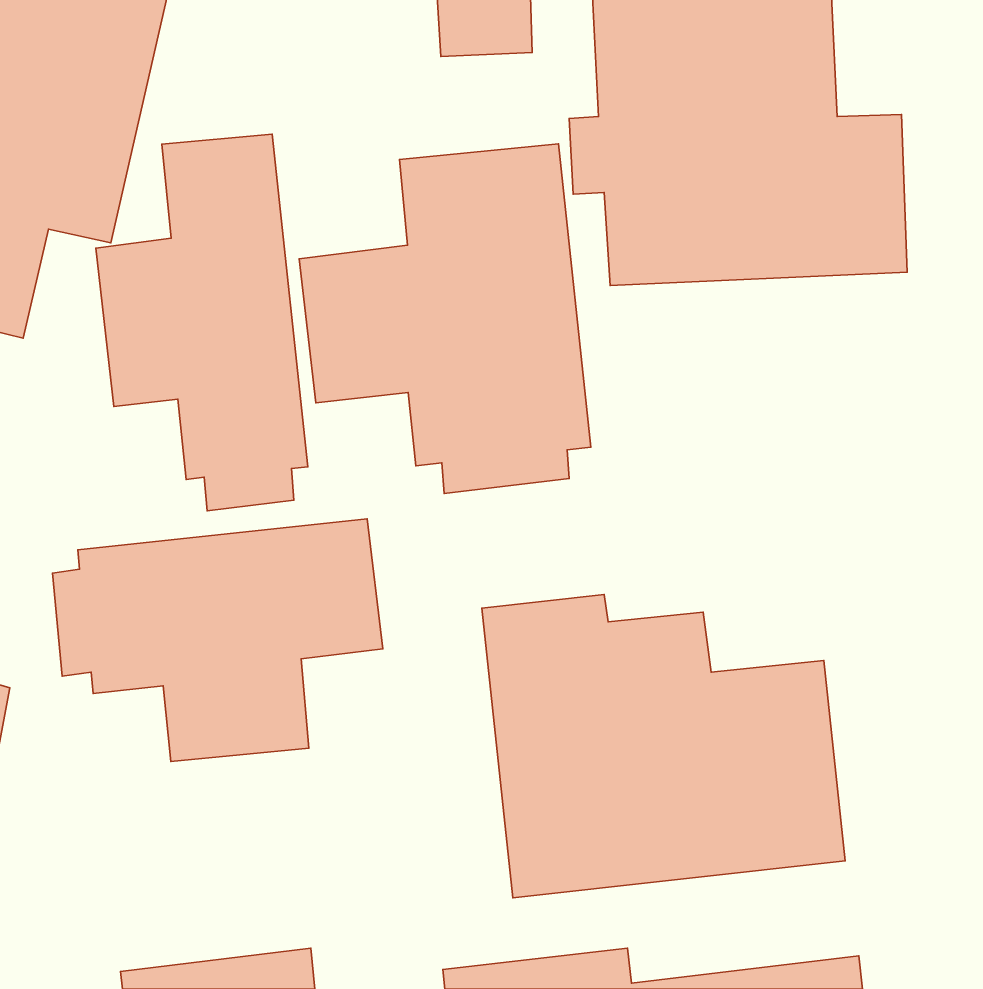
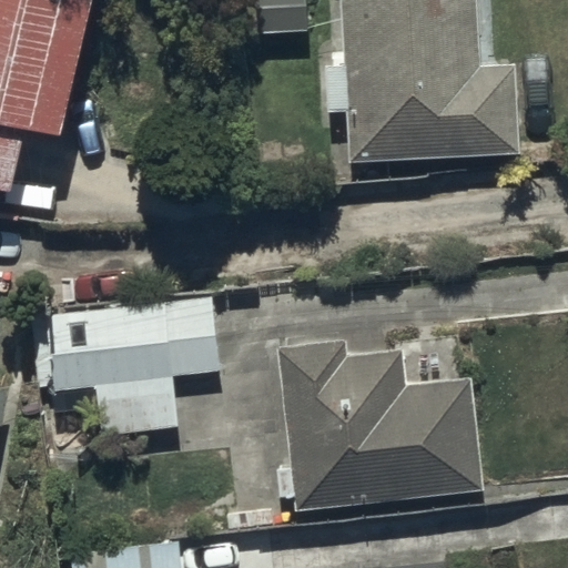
building: [96,134,308,511] -> none
building: [299,144,591,493] -> none

